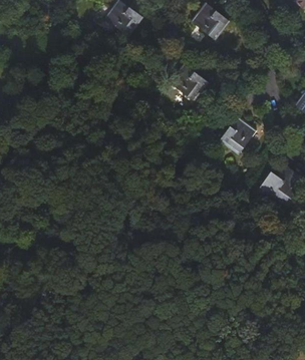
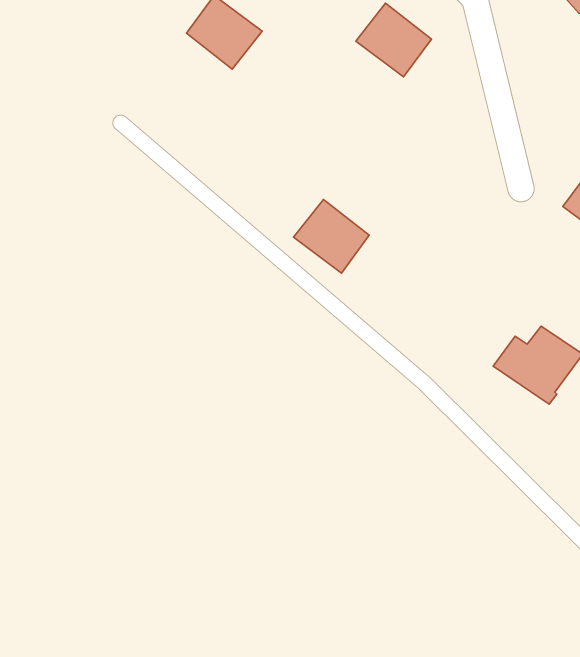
building: [171,64,209,101] -> [294,199,369,273]
building: [221,116,257,153] -> none

